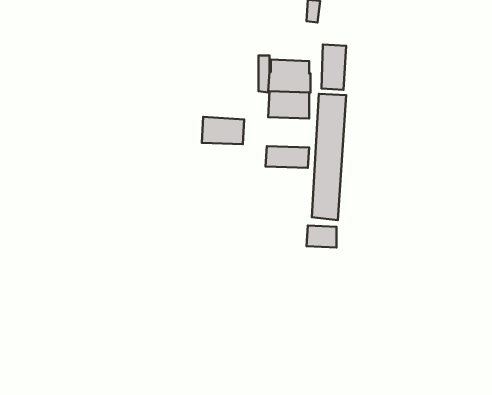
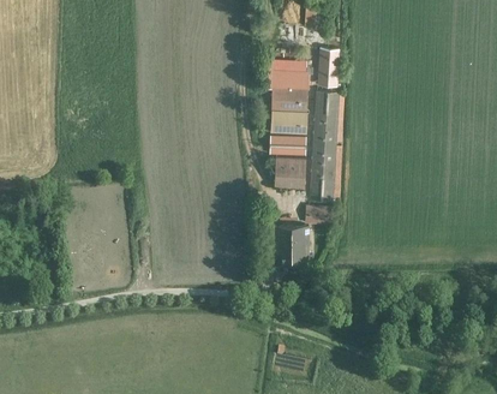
building: [202,117,244,144] -> [270,109,307,133]
building: none -> [274,155,306,187]
building: none -> [274,225,309,270]

